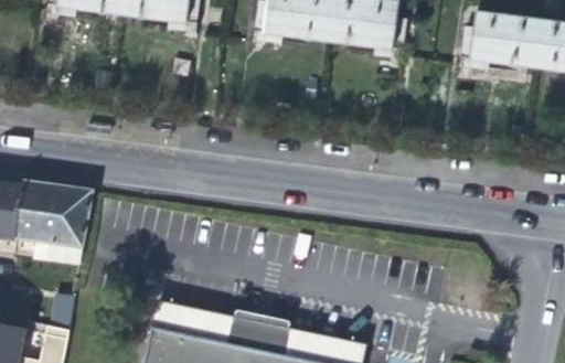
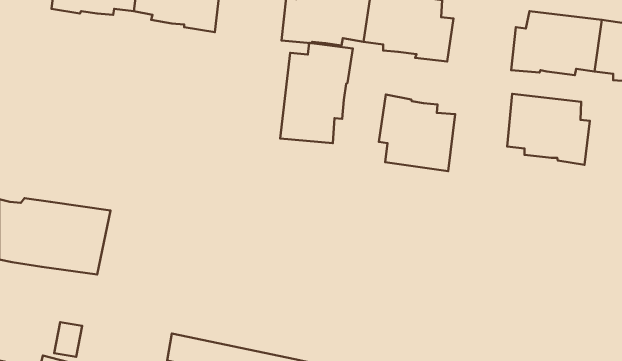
building: none -> [280,43,353,143]
building: none -> [507,94,590,165]
building: none -> [379,95,455,171]

